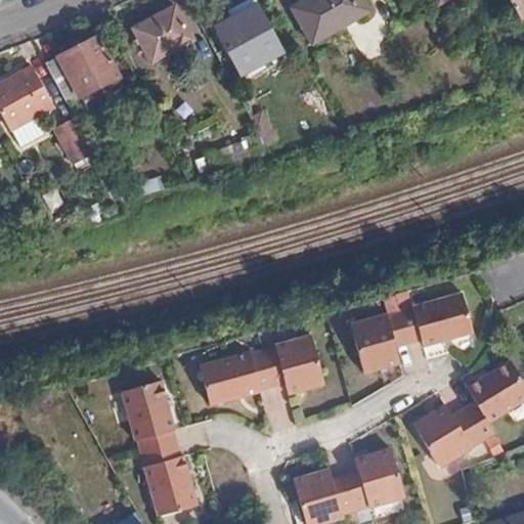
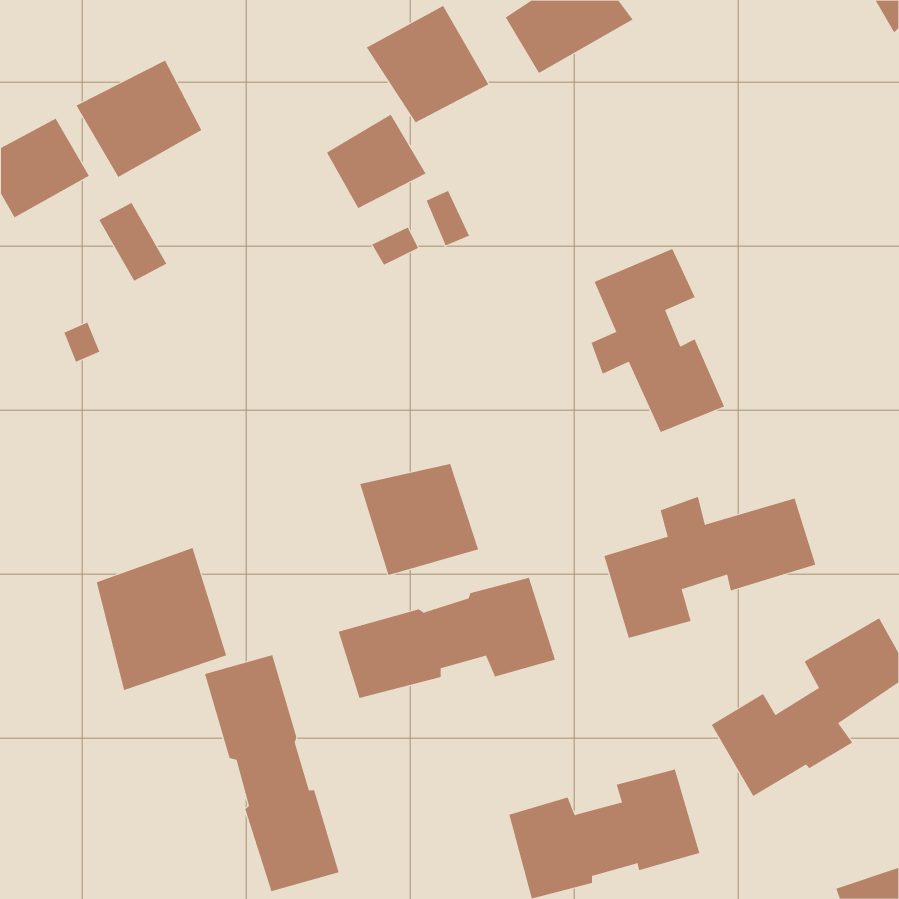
building: [133,5,191,60] -> [326,114,426,209]
building: none -> [591,248,725,433]
building: none -> [360,463,479,576]
building: none -> [96,547,227,691]

